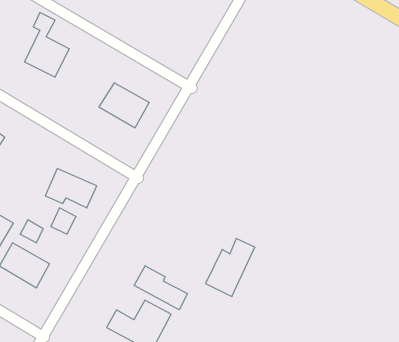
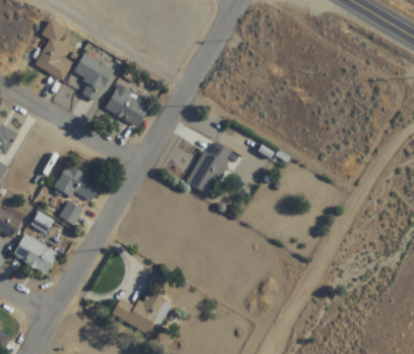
building: none -> [73,53,113,102]
building: [206,238,255,297] -> [186,141,232,195]
building: [134,266,188,310] -> none

